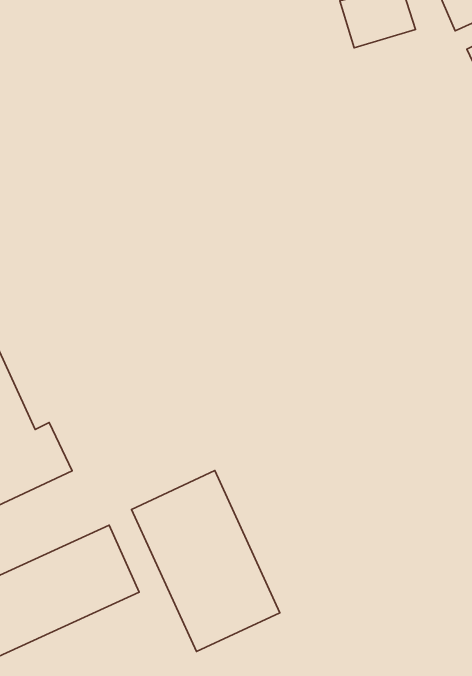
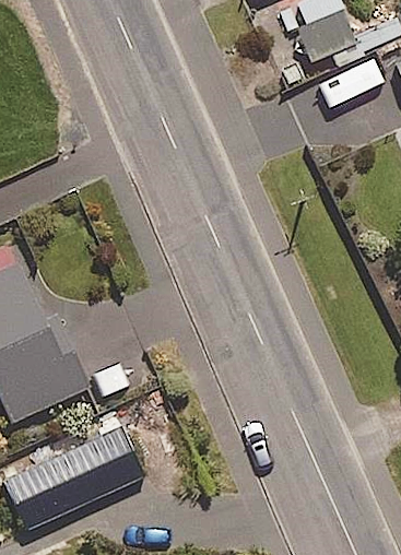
building: [131,471,280,652] -> none

